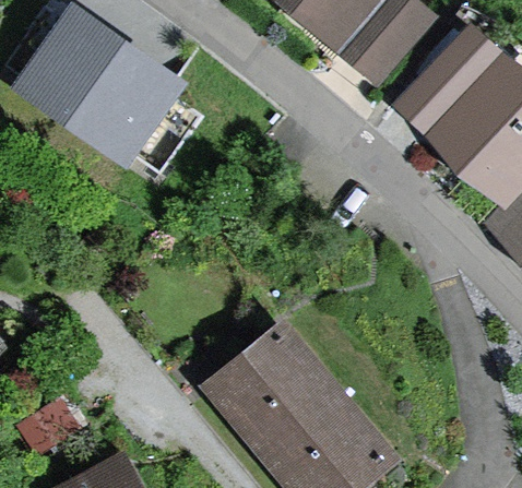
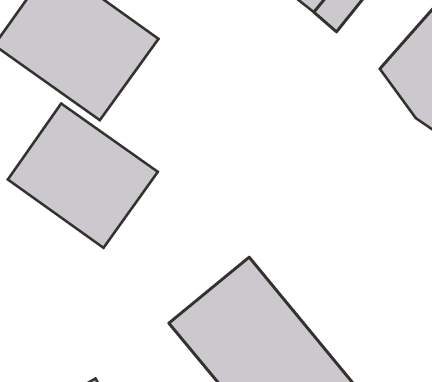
building: none -> [8,104,158,248]

